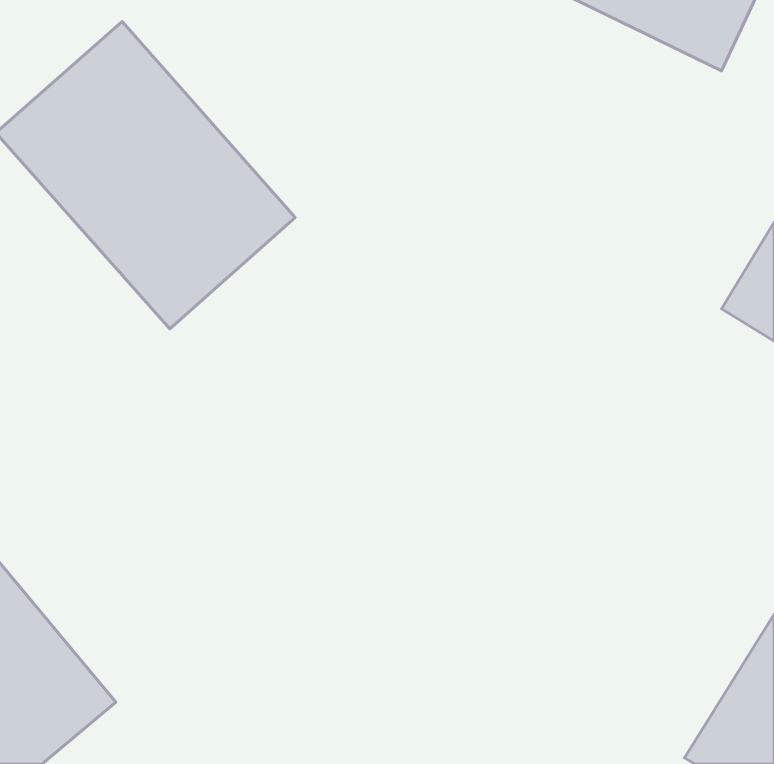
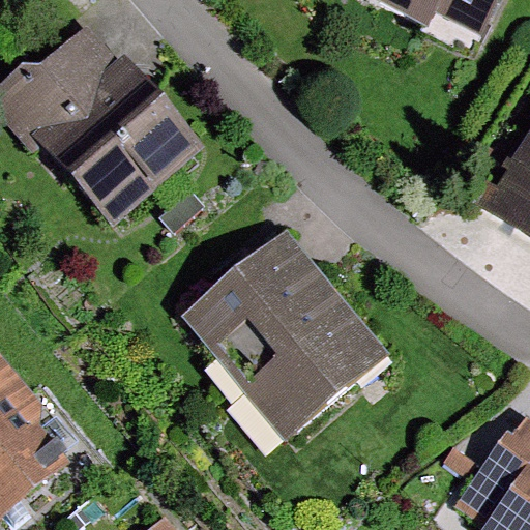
building: none -> [185,229,387,434]

